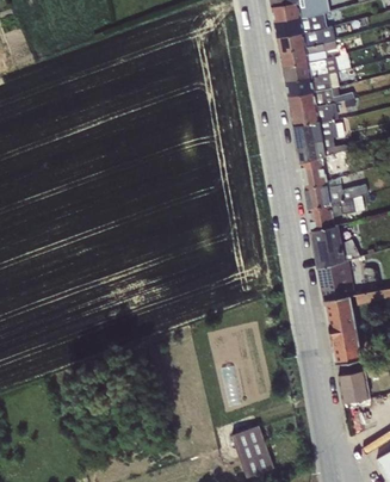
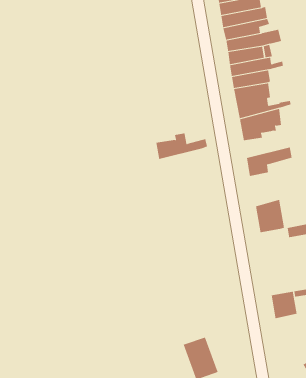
building: [304,177,367,209] -> [155,133,208,159]
building: [311,225,360,267] -> none
building: [324,295,363,364] -> none

